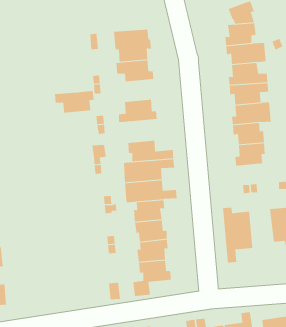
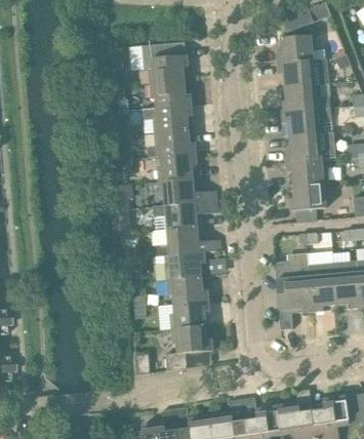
building: [54,91,94,113] -> [143,105,192,132]
building: none -> [157,154,196,183]
building: none -> [308,264,336,312]

